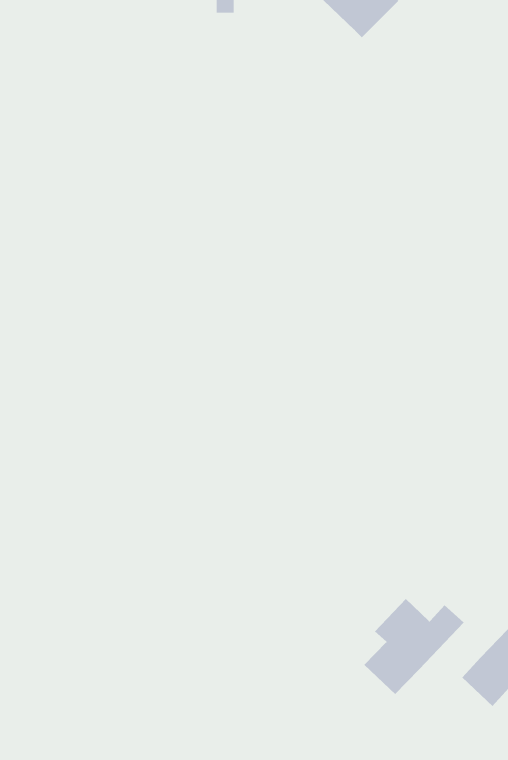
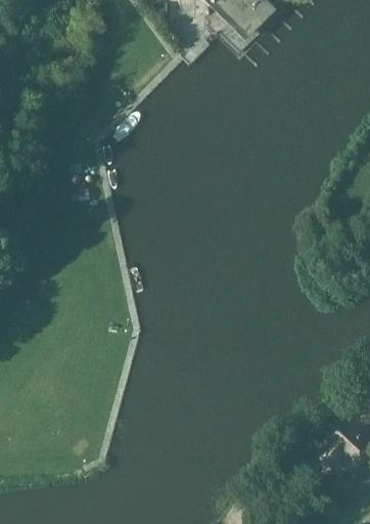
building: [363,598,465,695] -> none

